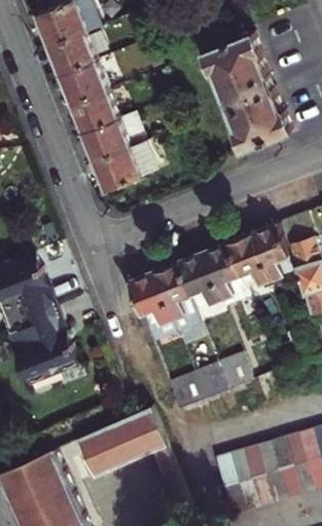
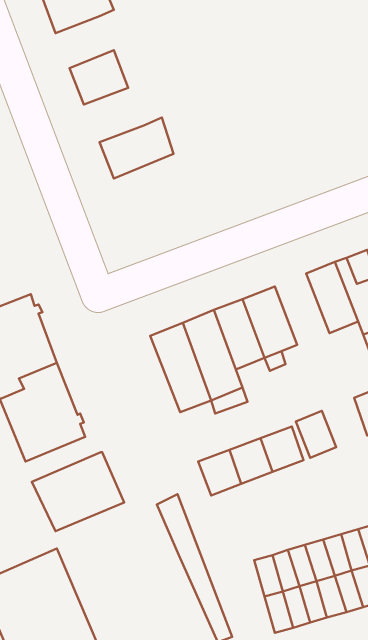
building: [51,29,98,70] -> none
building: [202,32,287,148] -> none
building: [74,85,121,128] -> none
building: [98,136,165,188] -> none
building: [225,232,269,289] -> none
building: [76,415,149,478] -> [32,452,124,531]

